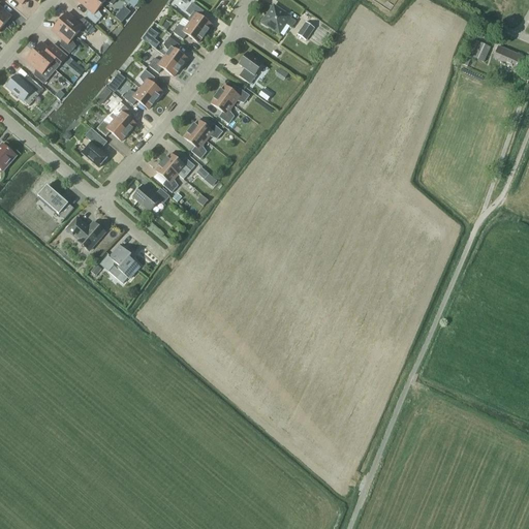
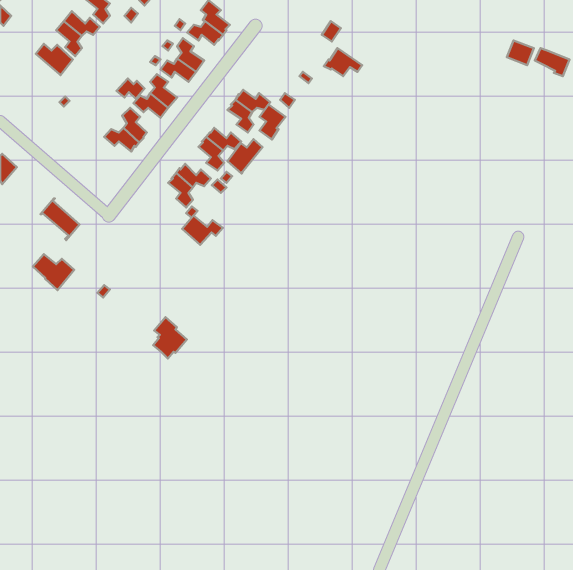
building: [260,4,295,30] -> [324,48,362,76]
building: [26,50,55,82] -> none
building: [239,51,262,83] -> [260,105,285,139]
building: [6,73,42,99] -> none
building: [82,126,108,165] -> none
building: none -> [228,139,262,173]
building: [132,183,169,210] -> [182,216,223,245]
building: [66,216,104,249] -> [33,254,74,290]
building: [108,244,139,282] -> [153,317,187,359]

